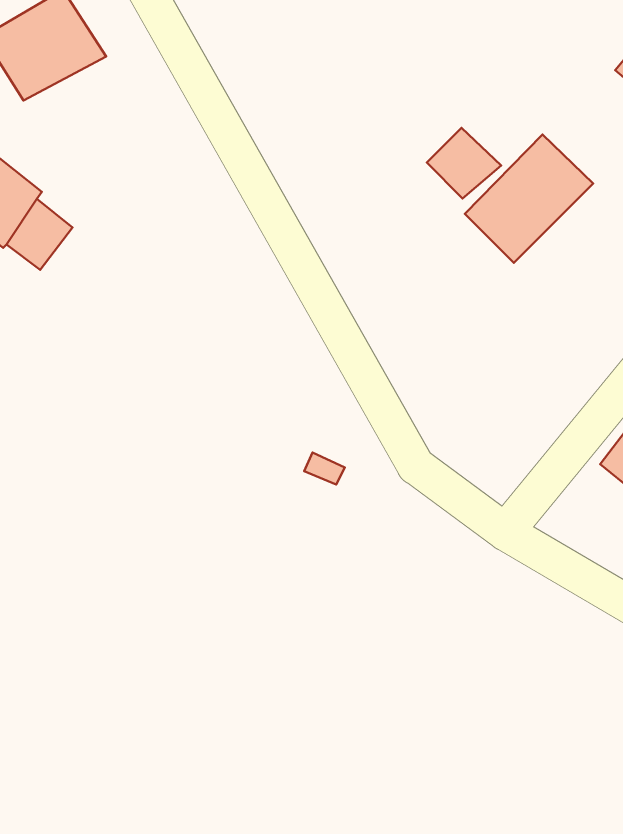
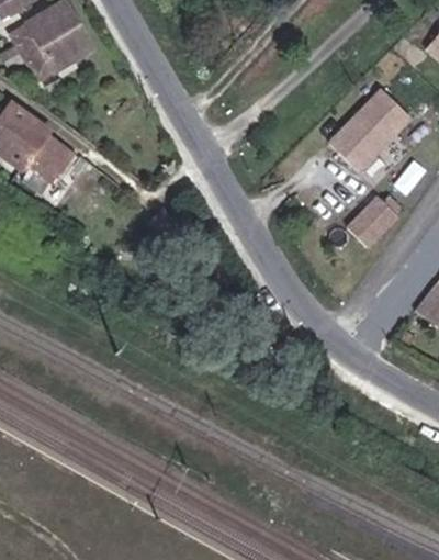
building: [427,128,501,199] -> none
building: none -> [341,193,391,245]

